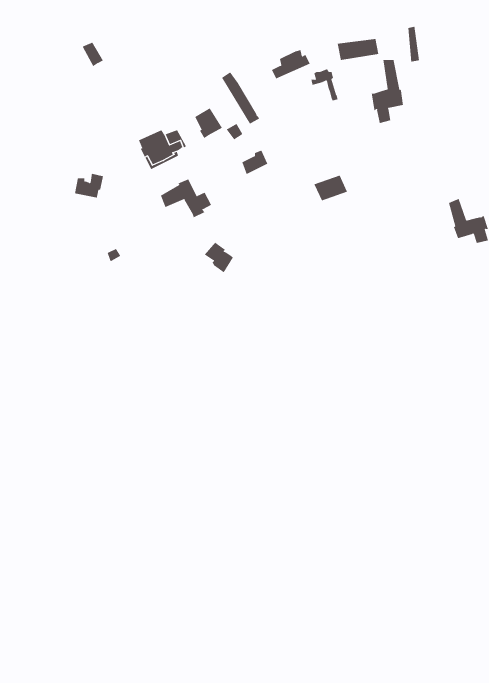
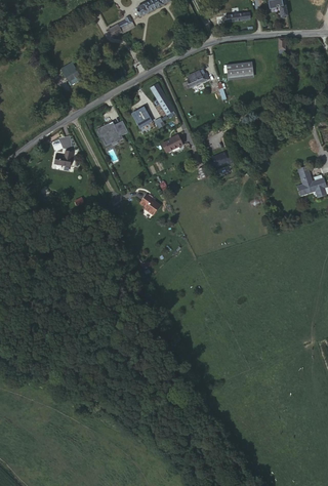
building: [371,59,403,124] -> none
building: [160,179,212,218] -> none

